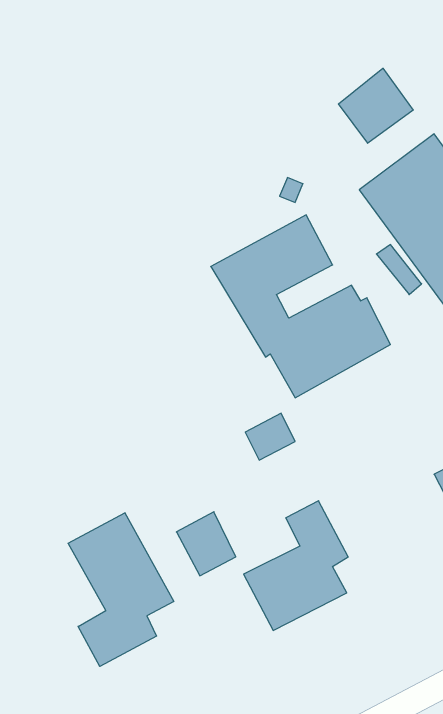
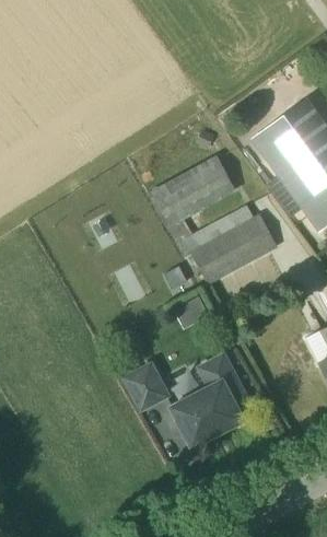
building: [338,68,413,143] -> none
building: [68,513,174,666] -> none

